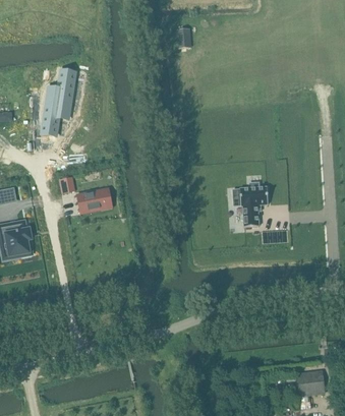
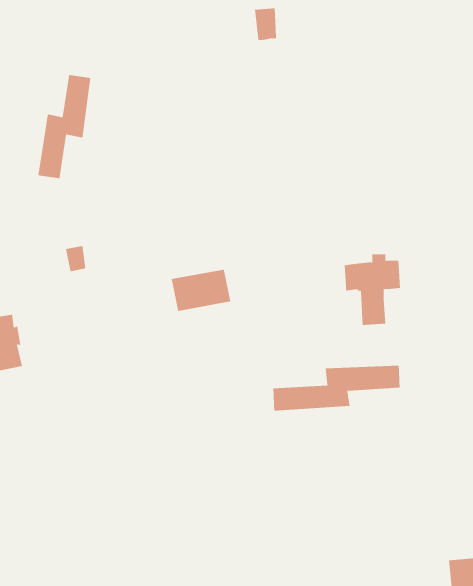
building: [76,187,114,214] -> [171,269,231,311]
building: none -> [273,365,400,411]

